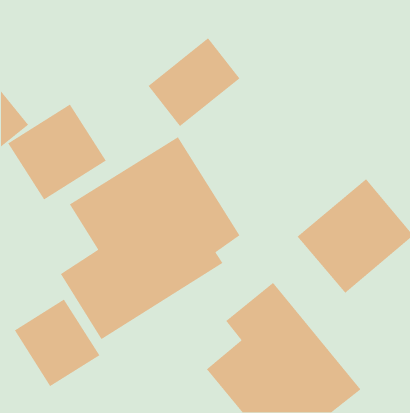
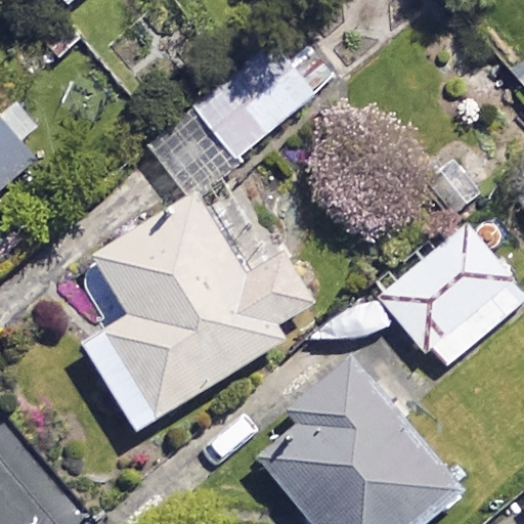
building: [7,104,107,200] -> none
building: [14,298,100,387] -> none

